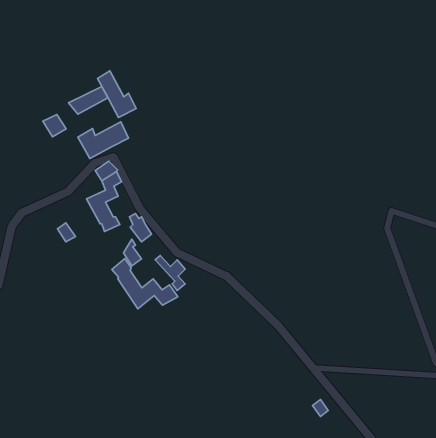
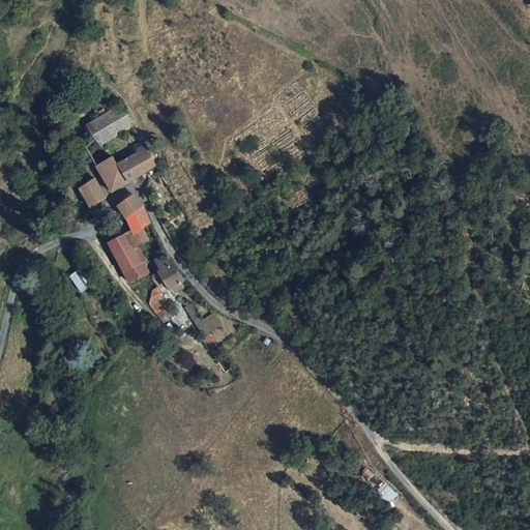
building: [98,71,136,117] -> none
building: [43,114,66,137] -> [76,177,104,204]
building: [112,259,178,309] -> none

